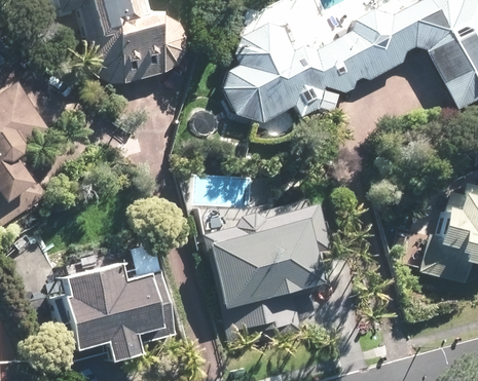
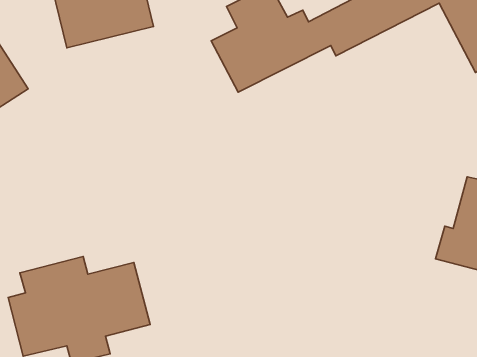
building: [207,206,334,338] -> none

